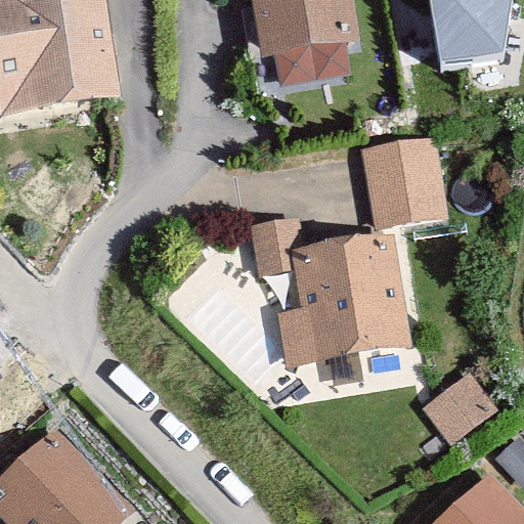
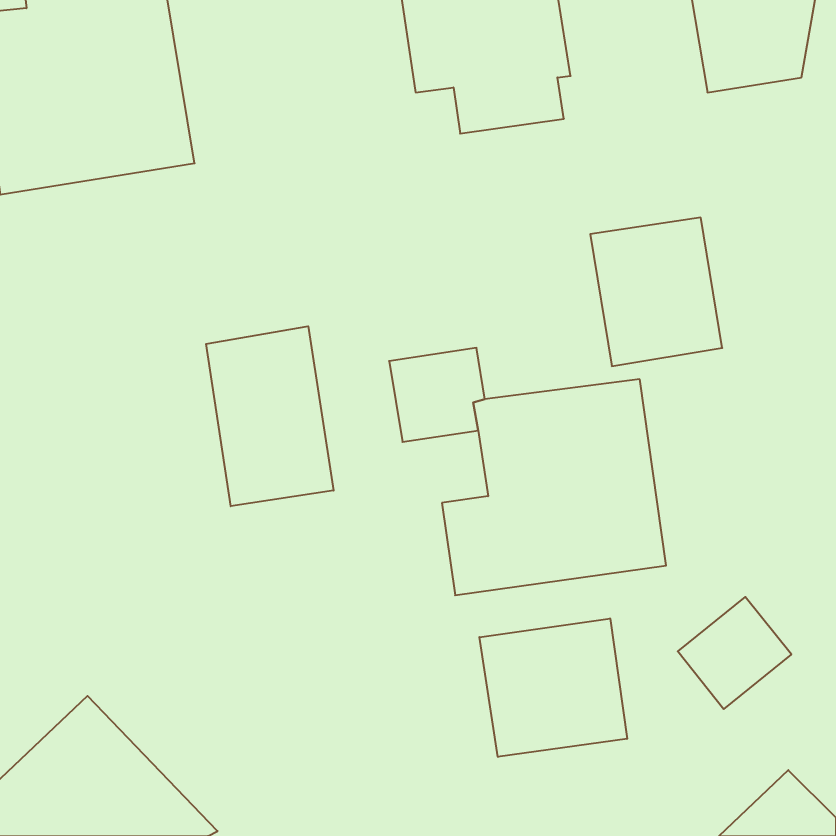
building: none -> [206,326,334,506]
building: none -> [479,618,627,757]

